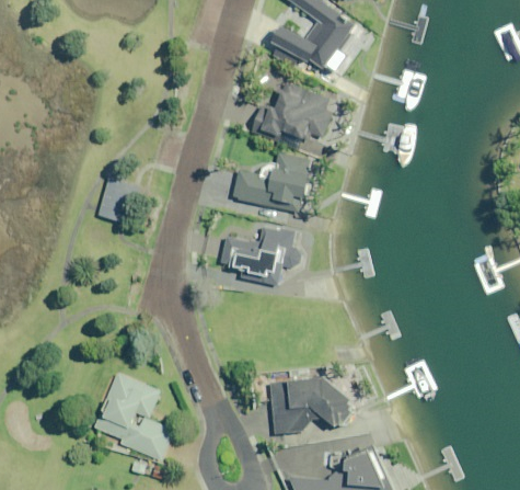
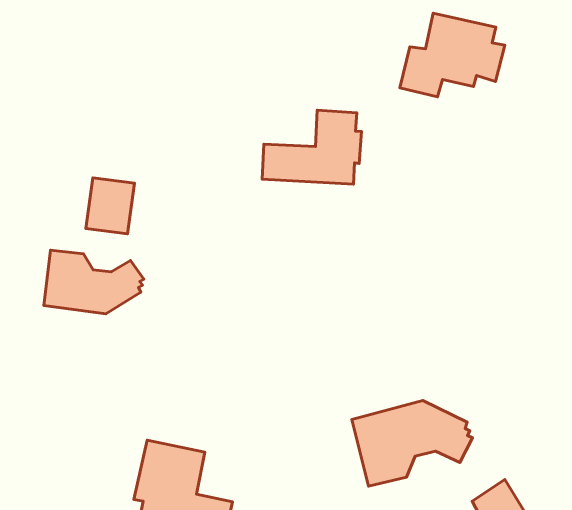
building: [250,80,331,141] -> [400,13,505,97]
building: none -> [44,250,144,314]
building: [220,226,300,284] -> none

